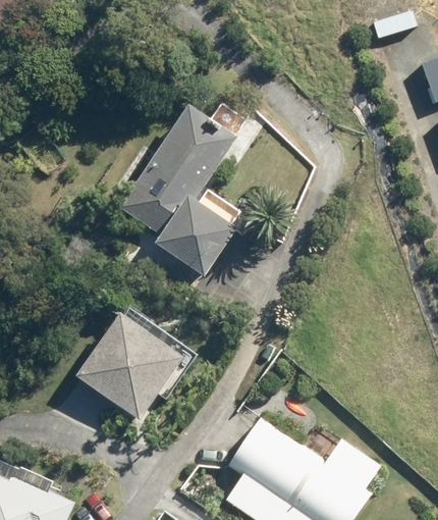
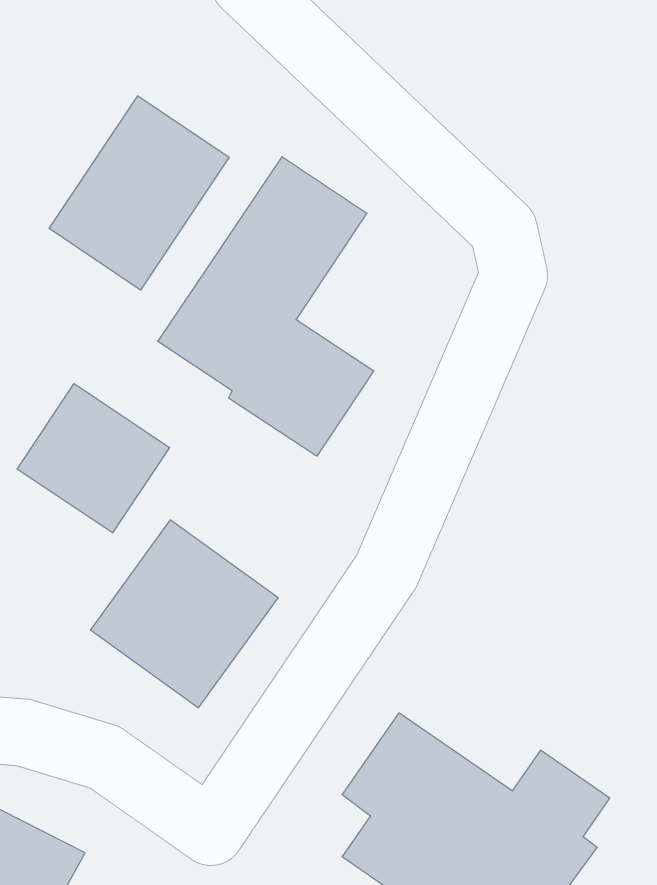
building: none -> [49,96,229,290]
building: none -> [17,384,170,533]

